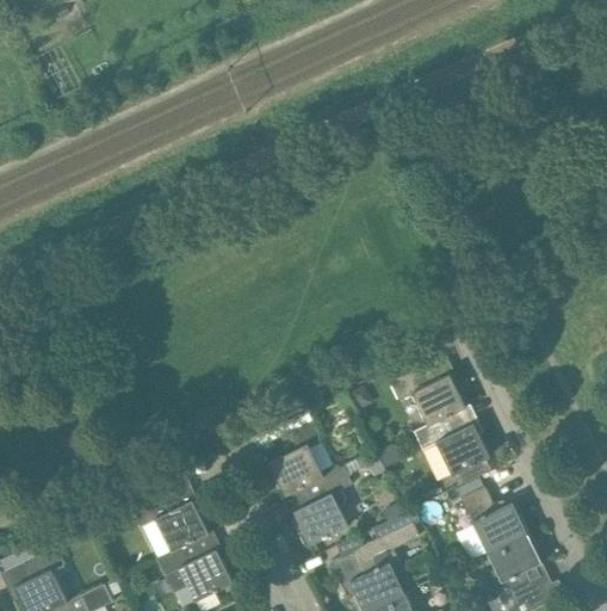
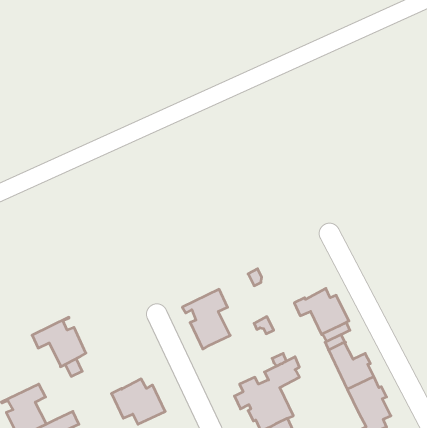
building: [389,358,465,428] -> none
building: [292,468,353,547] -> none
building: [132,485,208,554] -> [32,317,86,367]

